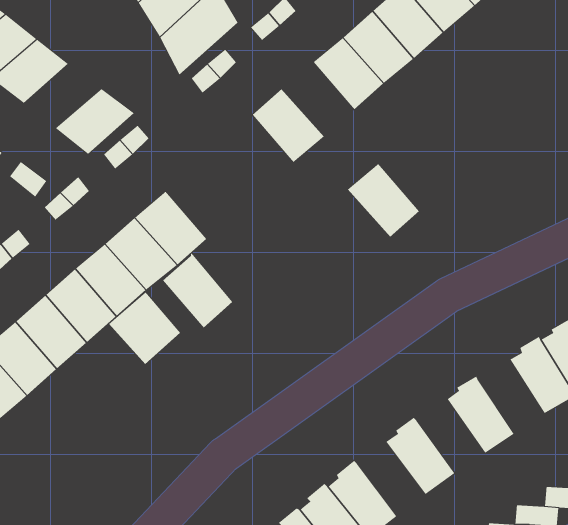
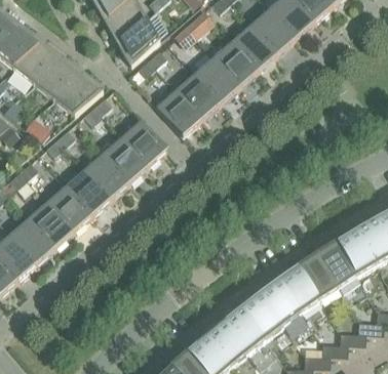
building: none -> [34,58,82,98]
building: none -> [156,90,201,136]
building: [347,163,420,237] -> [194,57,239,103]
building: [162,252,233,328] -> [122,120,166,167]
building: [108,291,181,365] -> none
building: none -> [316,240,357,288]
building: none -> [278,264,320,313]
building: none -> [241,291,283,339]

